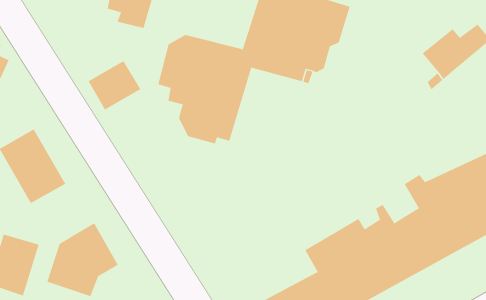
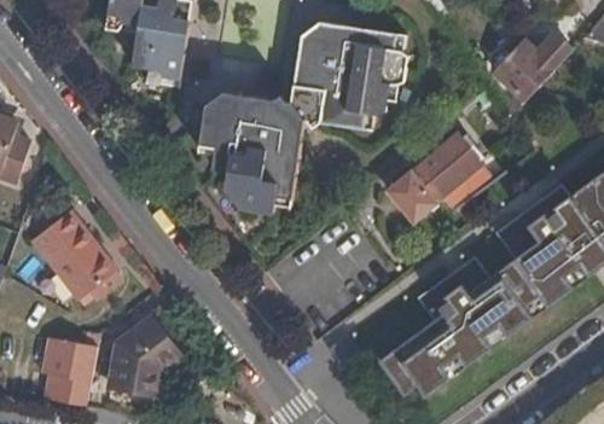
building: [88,60,141,110] -> none
building: none -> [389,135,482,222]

